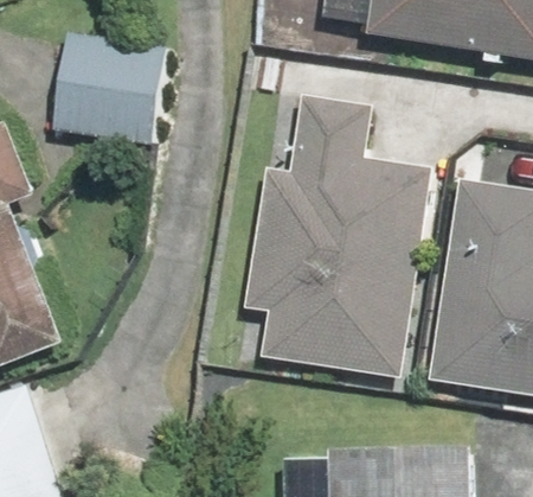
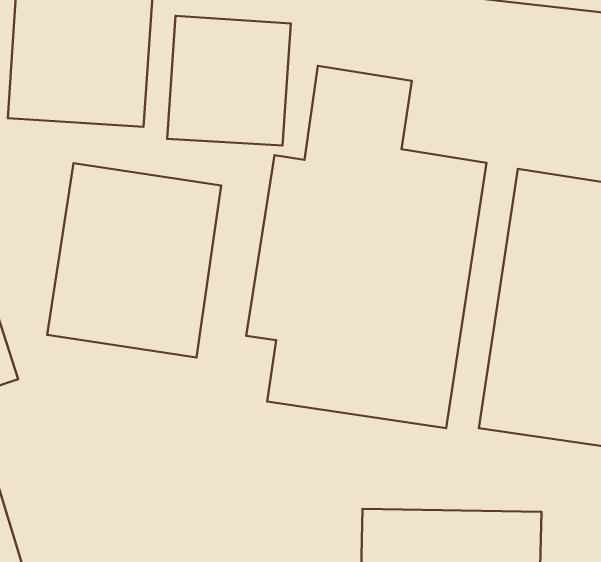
building: none -> [167,16,291,145]
building: none -> [47,163,221,357]

